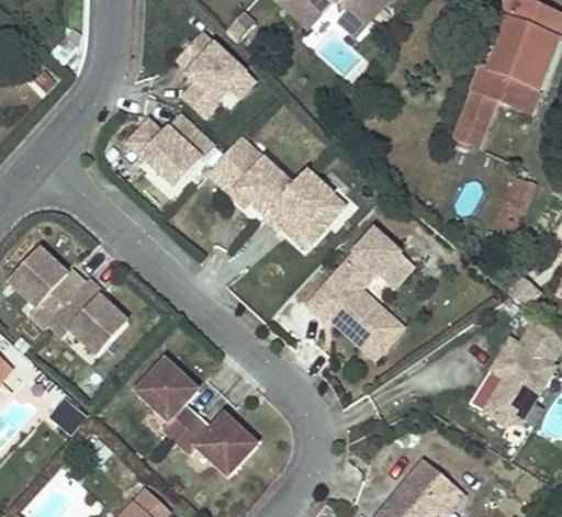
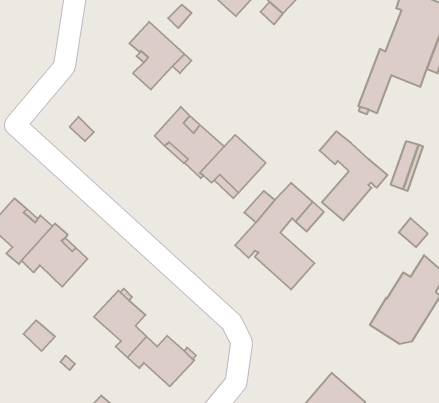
building: [127,114,212,184] -> none
building: none -> [319,131,387,221]

